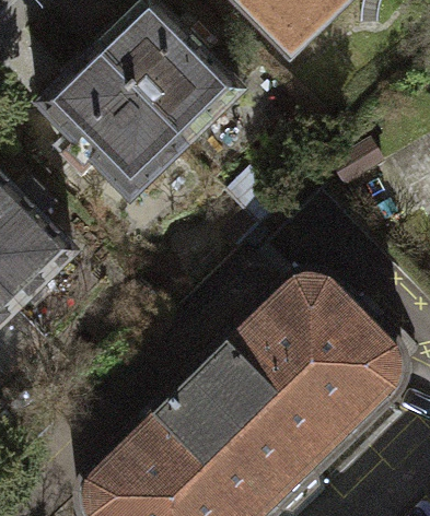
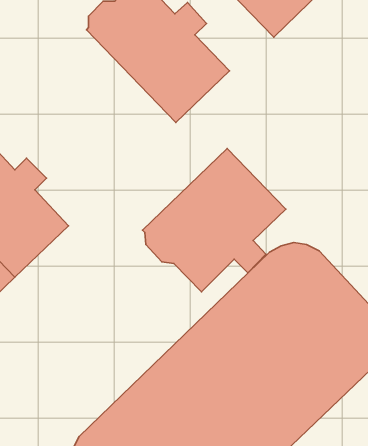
building: [38,51,187,201] -> none
building: none -> [143,149,286,292]

